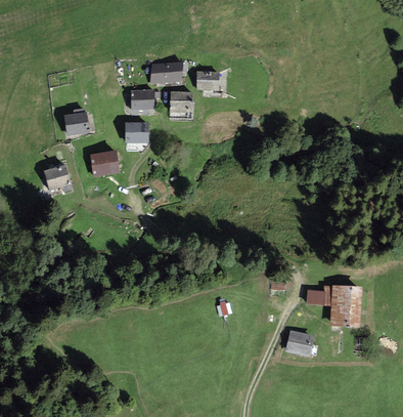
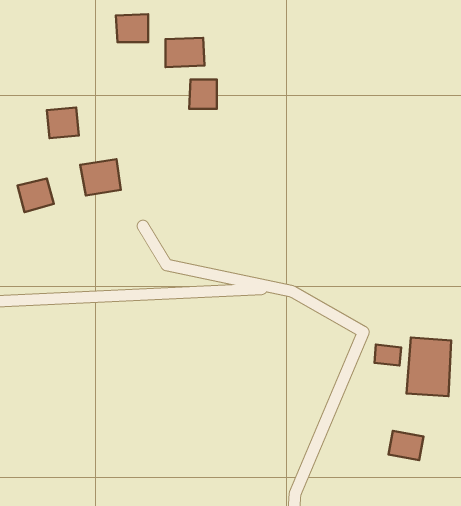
building: [196,72,219,90] -> none
building: [131,90,154,111] -> [116,14,148,42]
building: [126,123,148,143] -> none
building: [287,329,313,350] -> [389,431,423,460]

